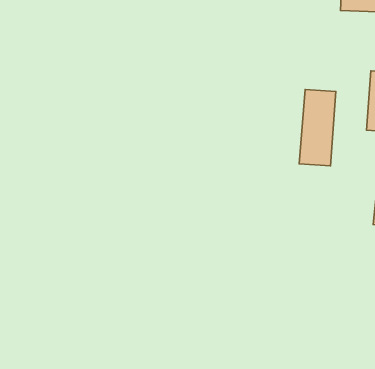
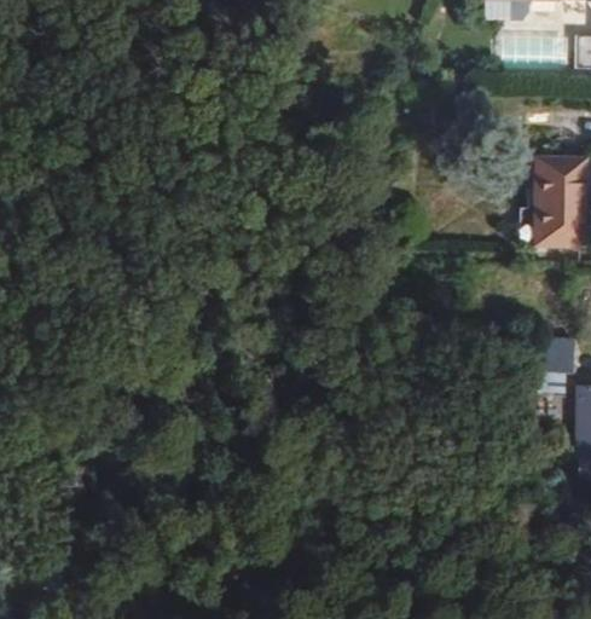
building: [299,90,336,166] -> none

